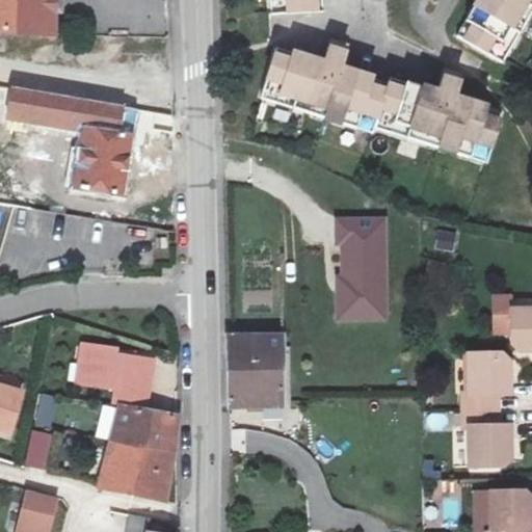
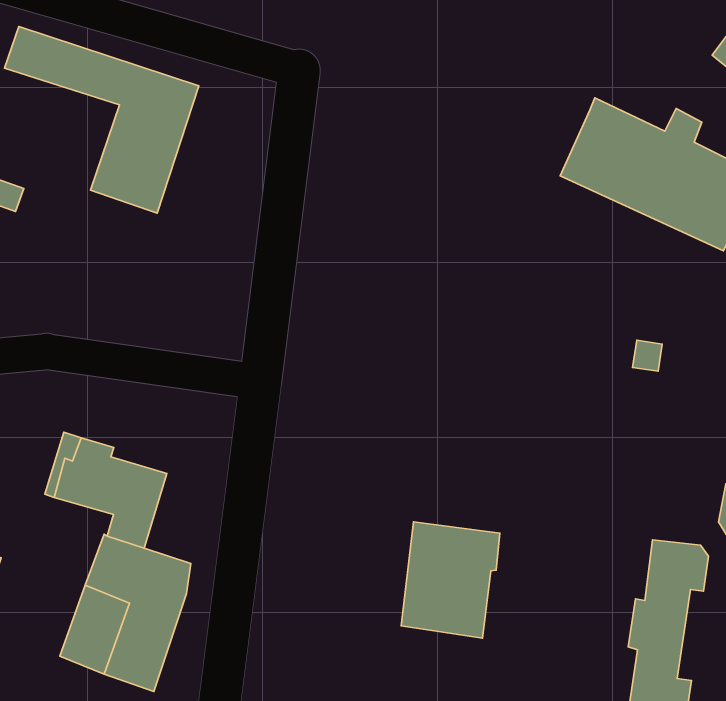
building: [260,50,388,137] -> none
building: [337,217,385,314] -> none
building: [227,334,284,402] -> [401,522,500,638]

